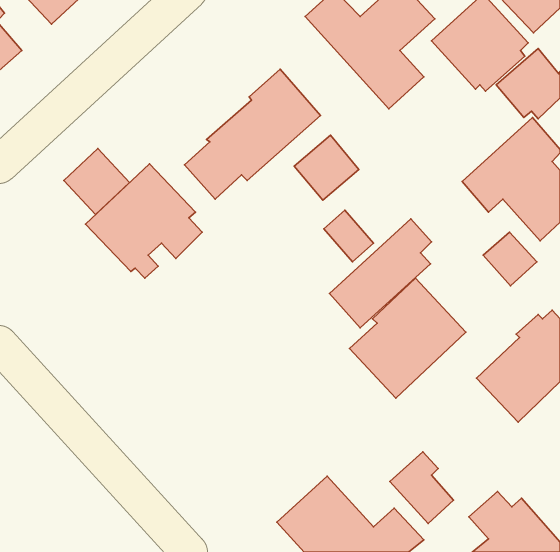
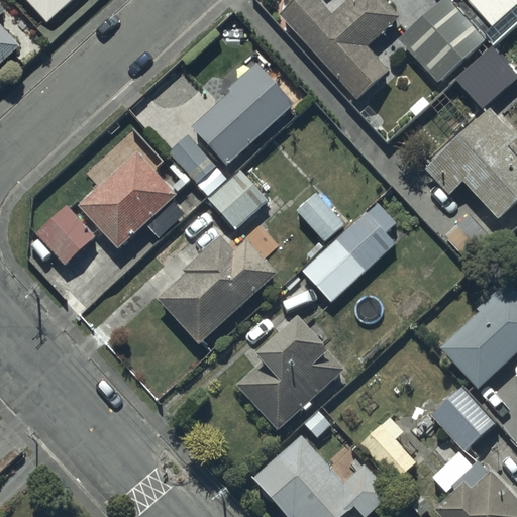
building: [294,135,359,200] -> [207,169,267,228]
building: [64,148,130,214] -> [36,204,97,265]
building: none -> [159,237,278,345]
building: [350,278,466,398] -> [236,320,343,430]
building: none -> [430,386,493,450]

